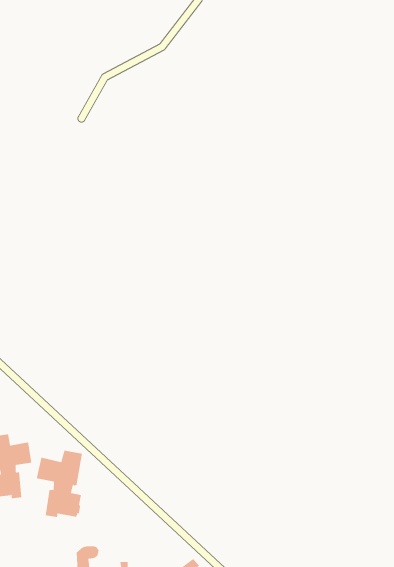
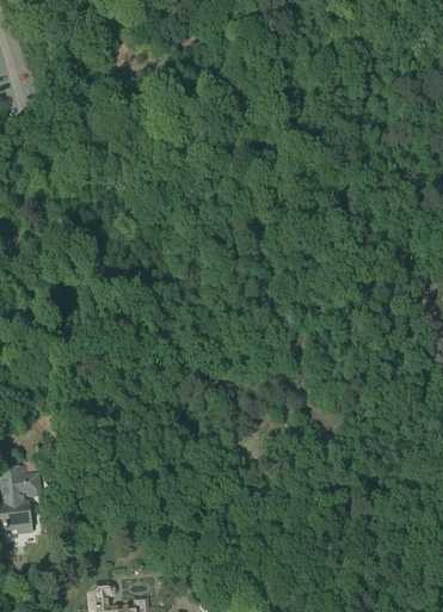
building: [36,450,83,518] -> none

